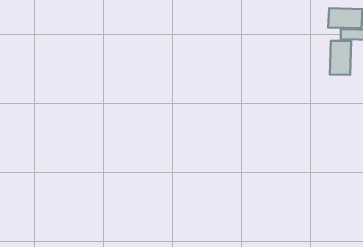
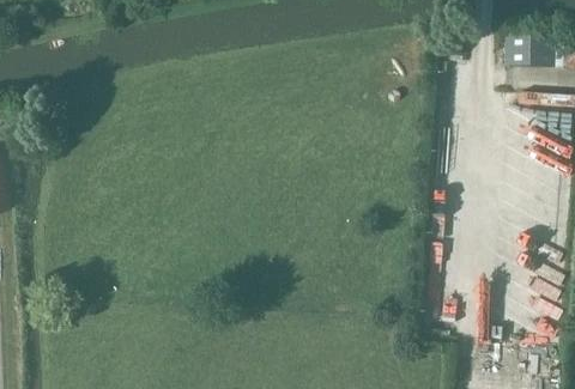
building: [330,41,351,75] -> none

